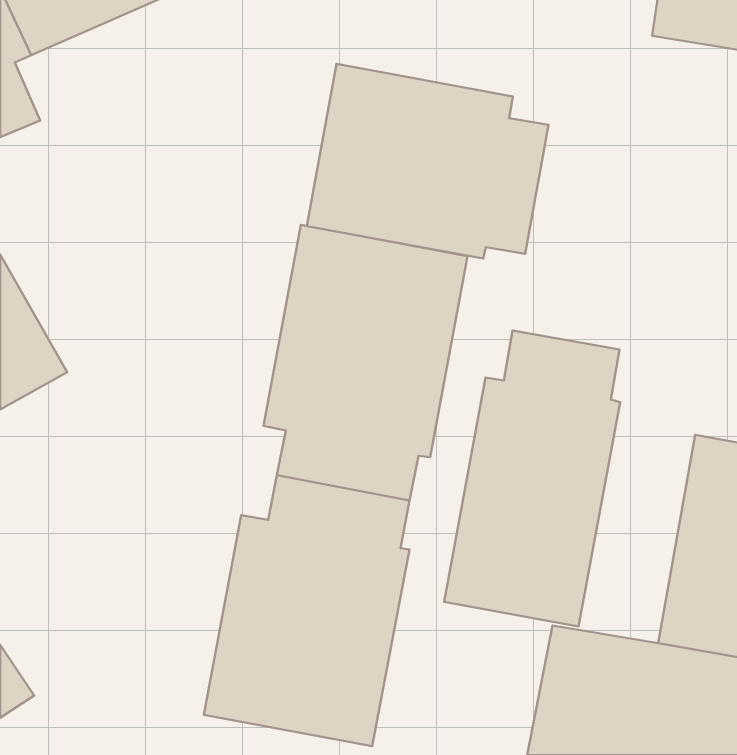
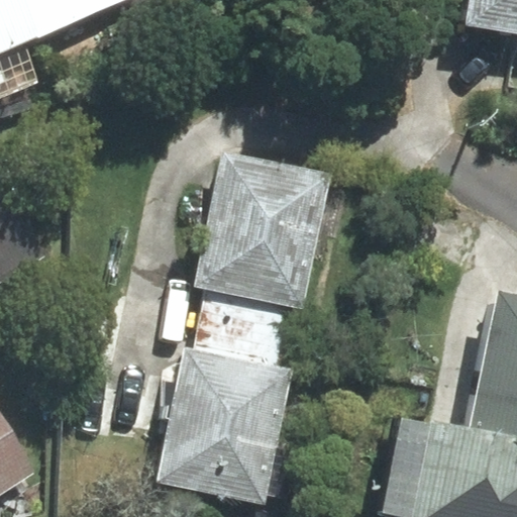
building: [307,64,548,259] -> none
building: [444,330,620,626] -> none

